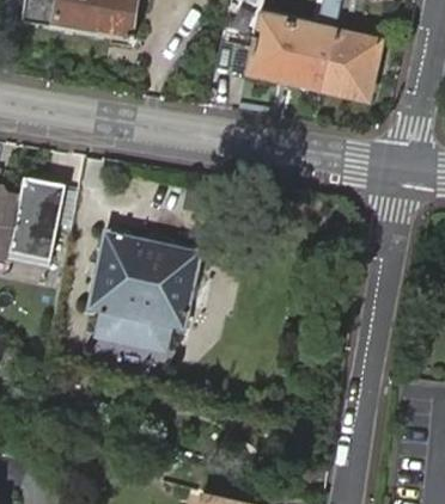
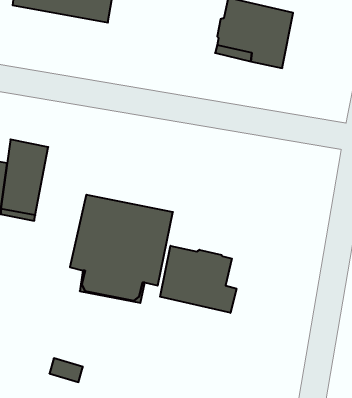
building: [322,30,380,102] -> none
building: none -> [160,246,236,313]

